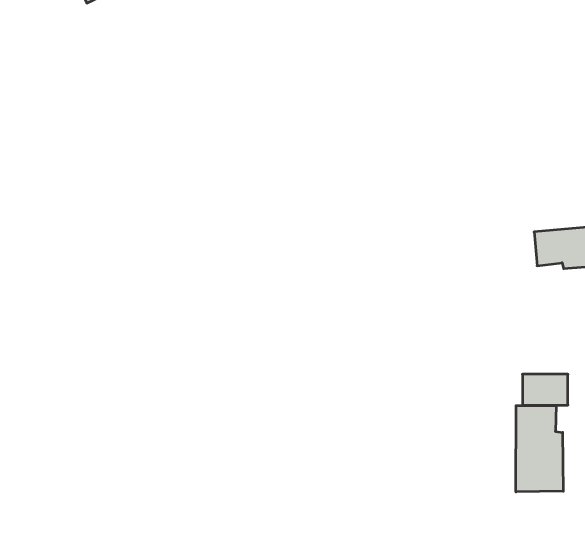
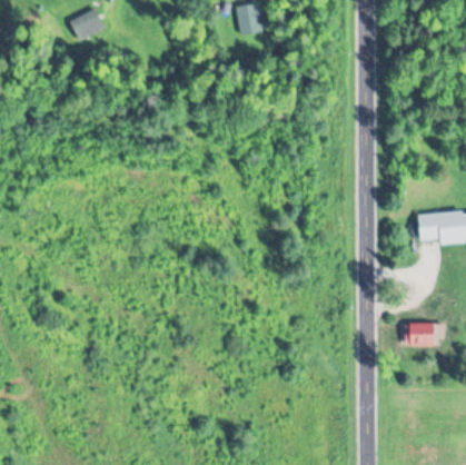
building: [516,406,563,492] -> none

